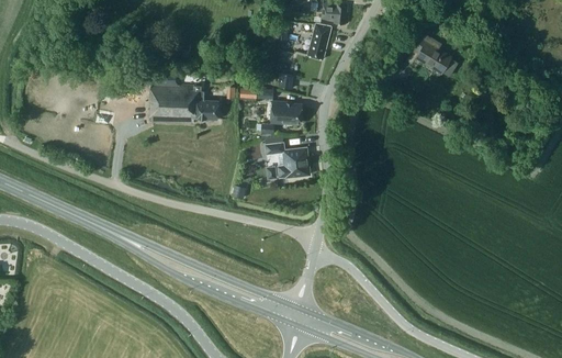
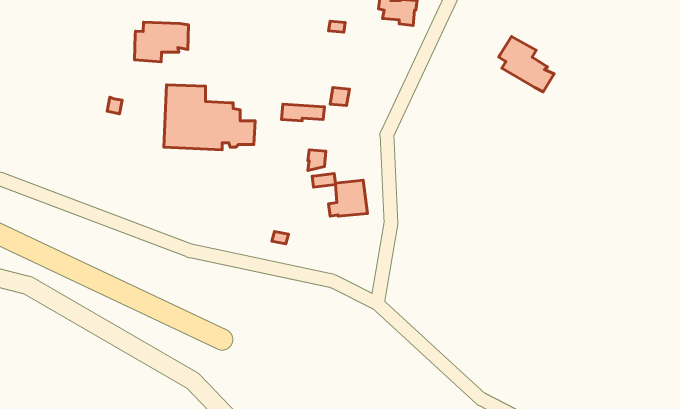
building: none -> [134,22,188,62]
building: [307,23,330,59] -> none
building: [270,101,300,122] -> none

